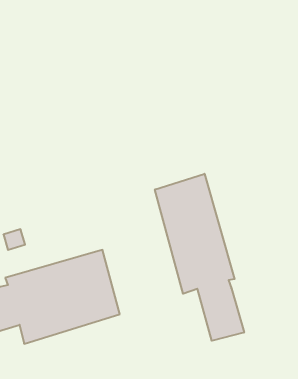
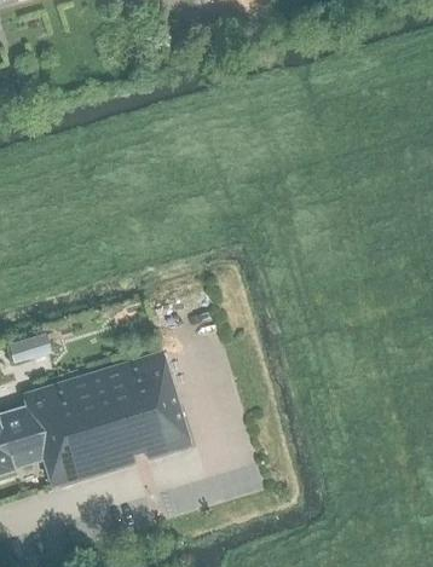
building: [155,174,244,341] -> none

